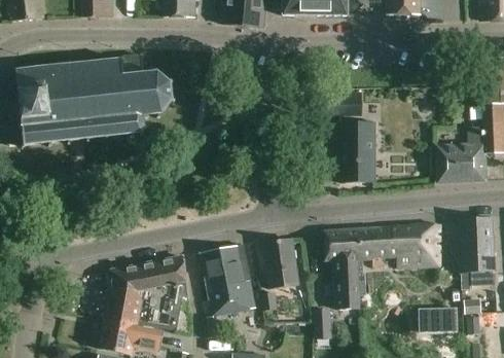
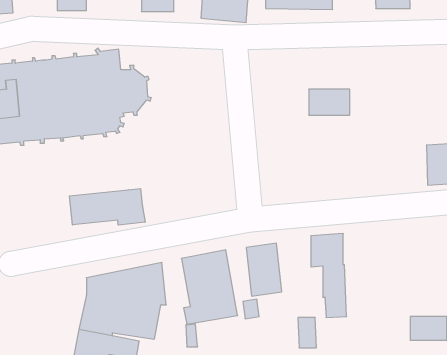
building: [341,121,376,182] -> none
building: none -> [70,189,145,225]
building: [357,223,441,265] -> none

